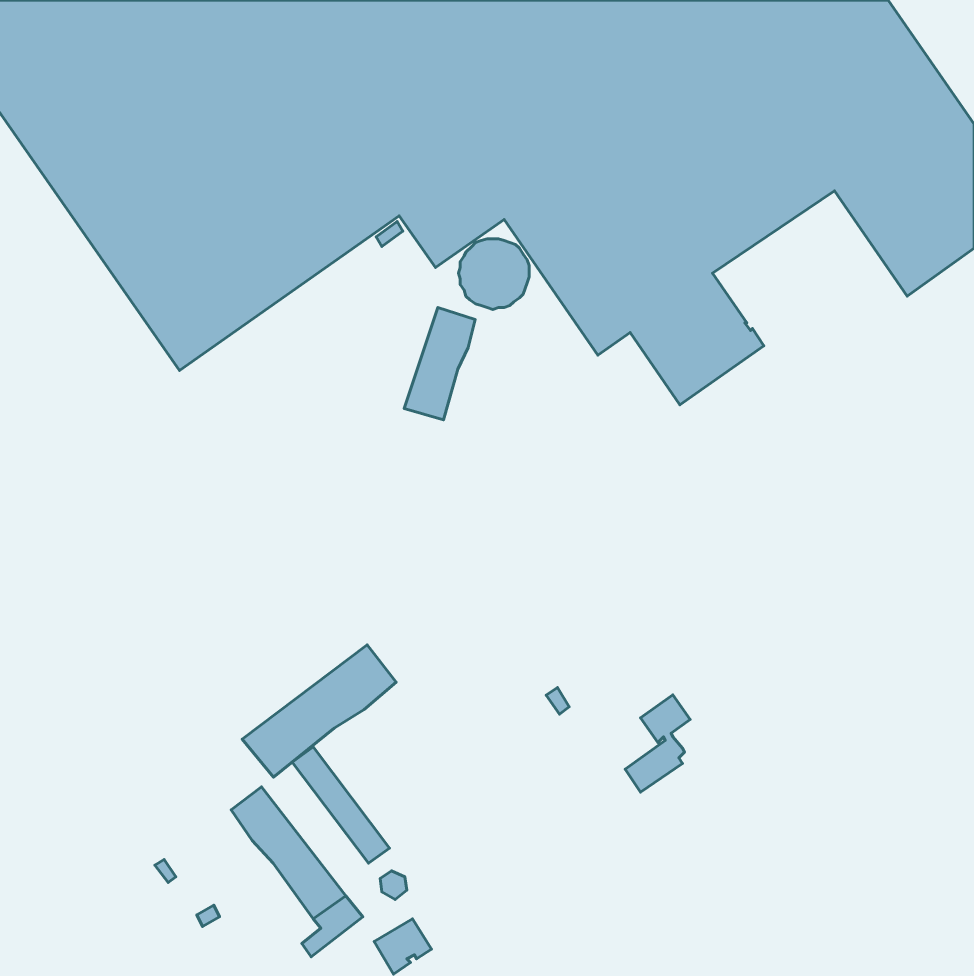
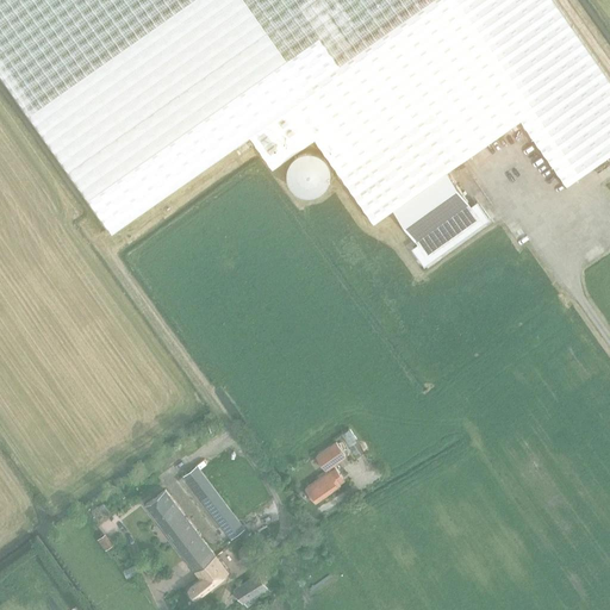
building: [404,308,475,420] -> none
building: [242,645,396,777] -> none
building: [625,695,690,792] -> [305,441,346,502]

